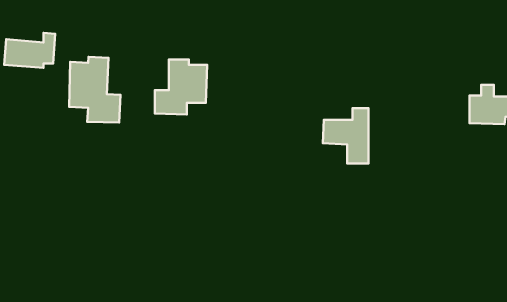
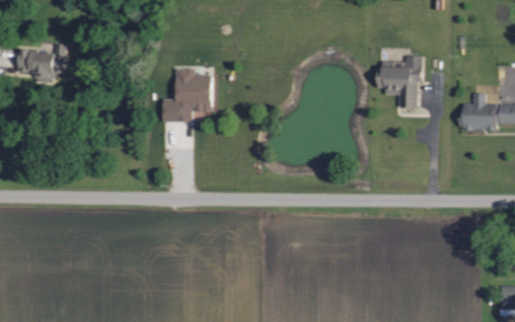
building: [69,57,120,122] -> none
building: [323,108,368,163] -> [376,56,420,108]

